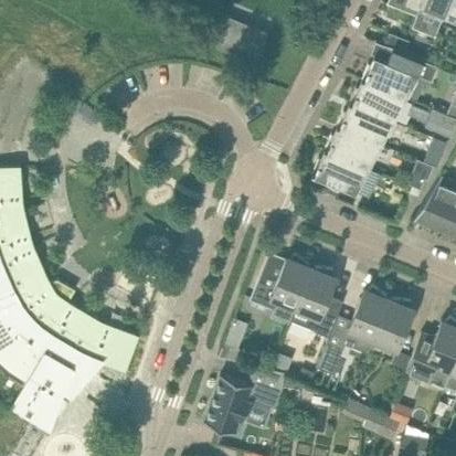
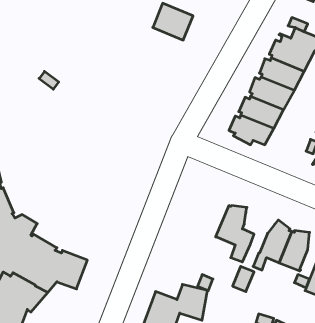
building: [253,256,312,326] -> none

